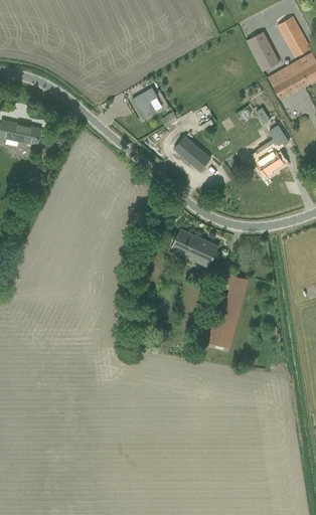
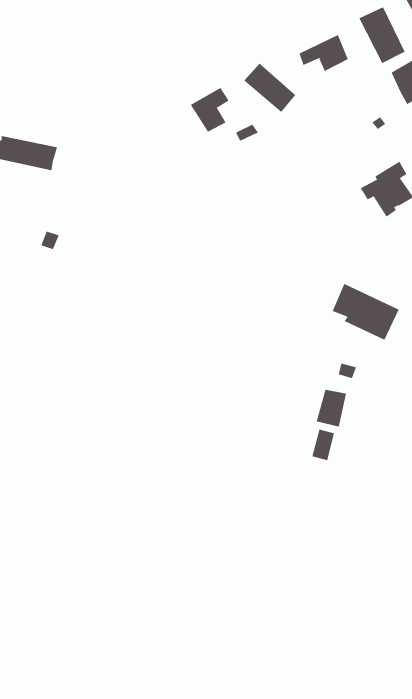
building: none -> [299,34,349,72]
building: [174,136,210,170] -> [243,63,296,113]
building: [172,228,218,268] -> [332,283,399,340]

